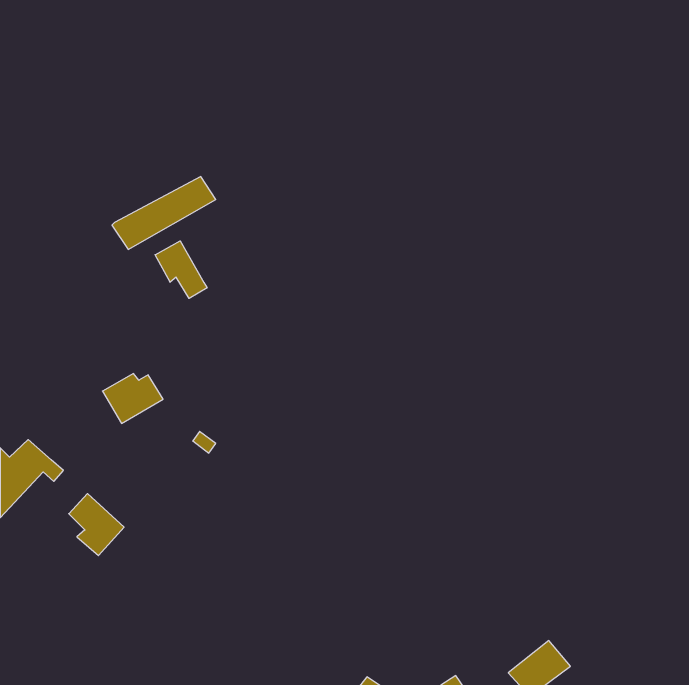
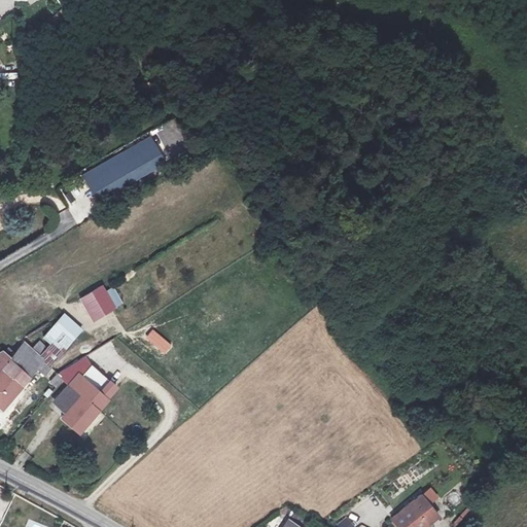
building: [155,241,207,298] -> none
building: none -> [39,316,82,364]
building: none -> [70,365,115,410]

